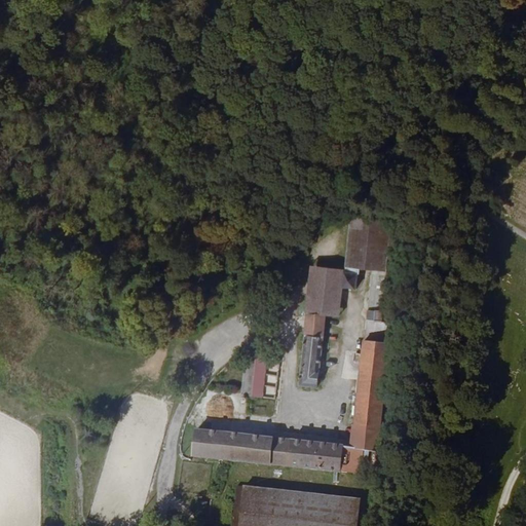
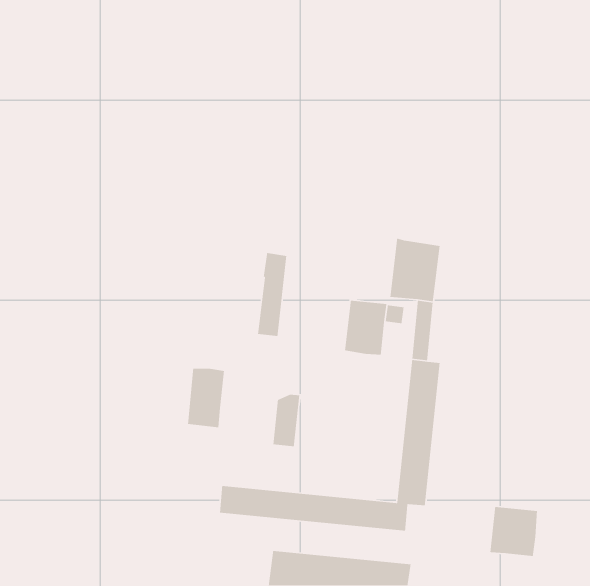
building: [297,311,324,386] -> [257,252,287,337]
building: none -> [187,368,225,428]
building: none -> [489,506,538,557]

